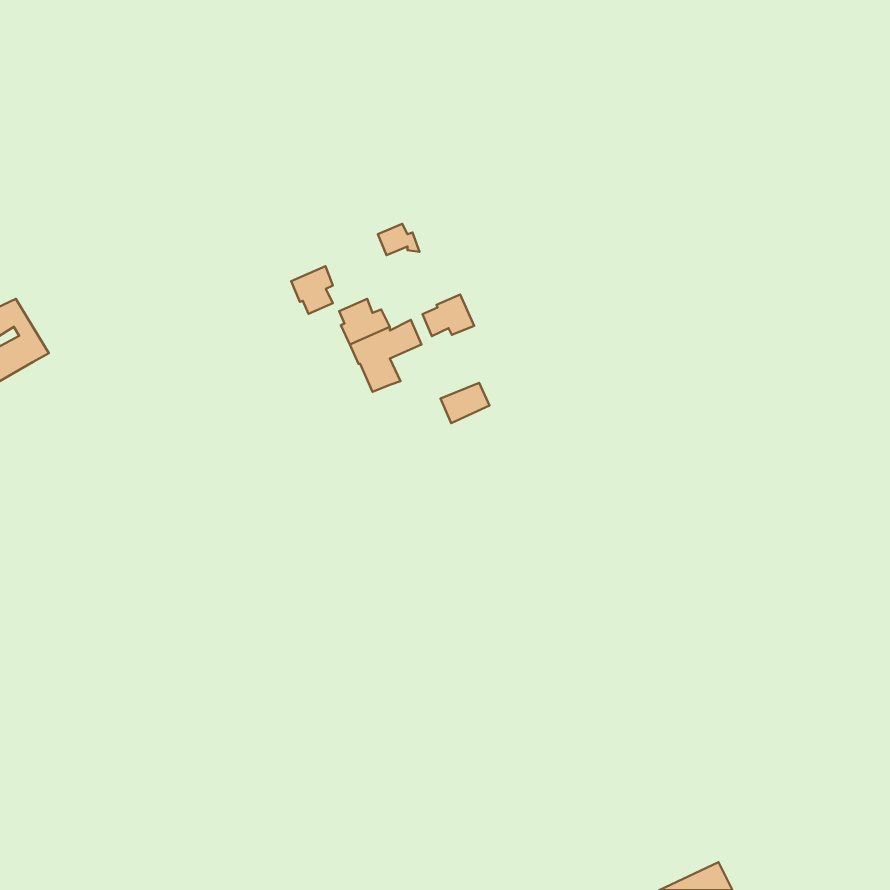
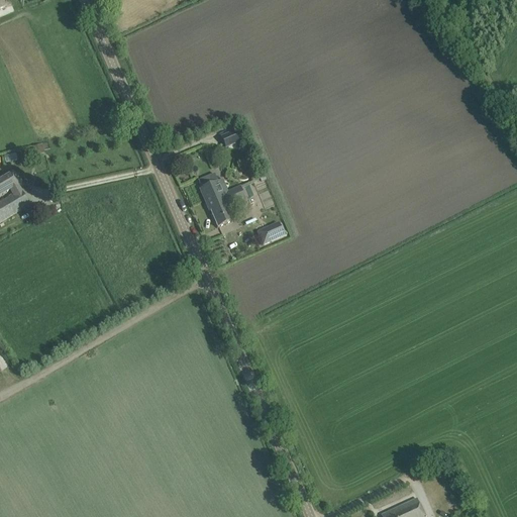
building: [291,266,333,314] -> none
building: [422,295,474,336] -> none

